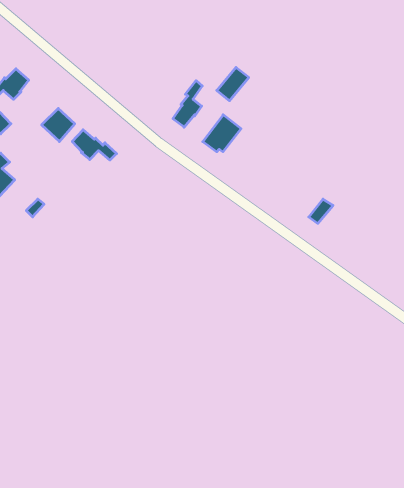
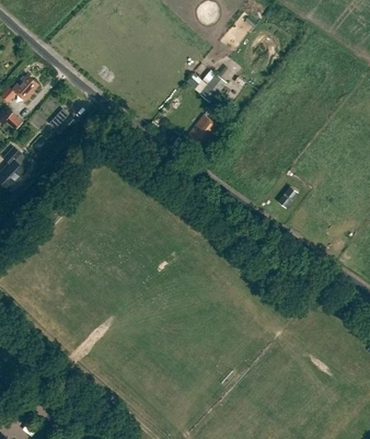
building: [173,81,202,127] -> none
building: [72,130,117,160] -> none

